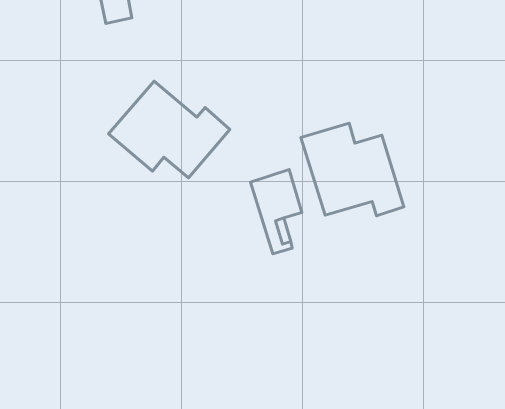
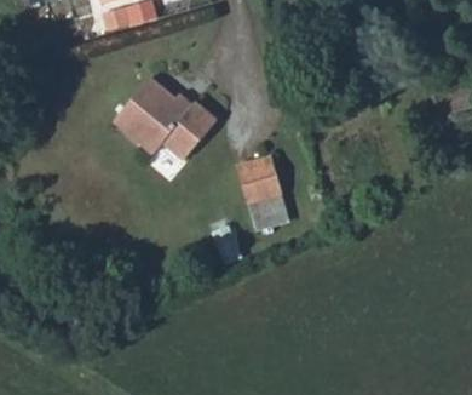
building: [301,123,404,216] -> none

